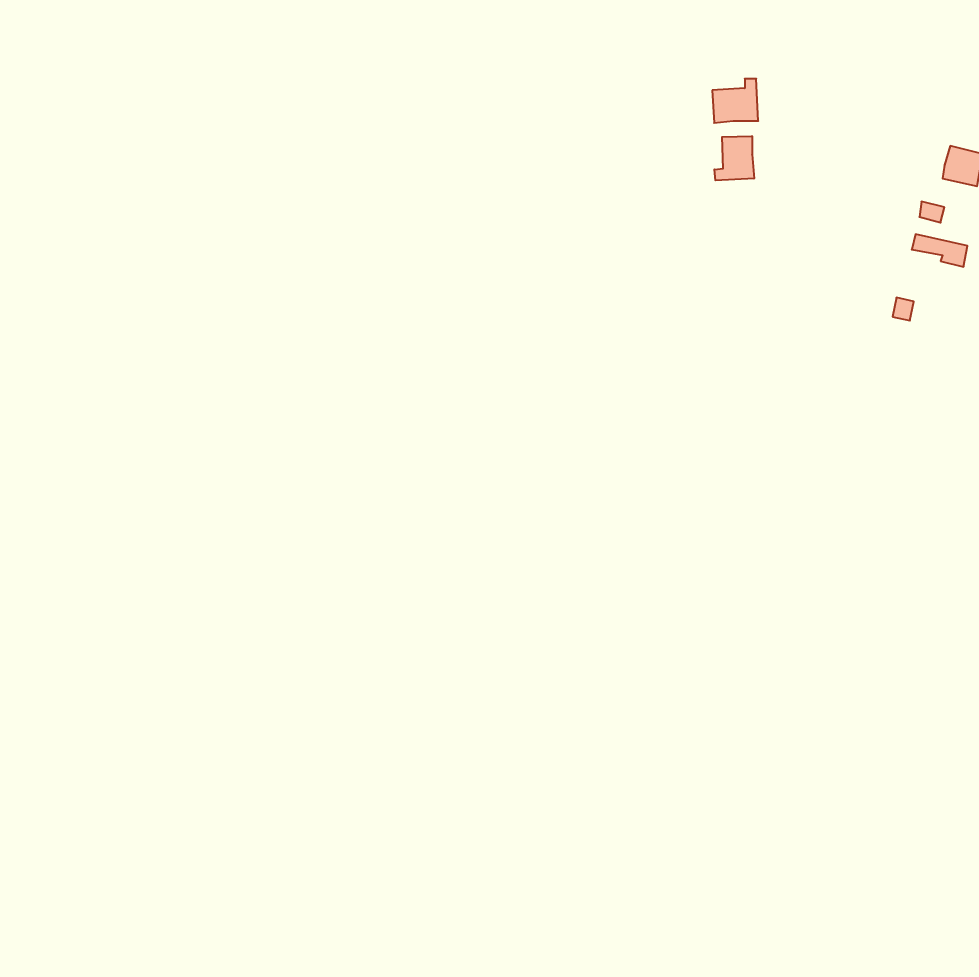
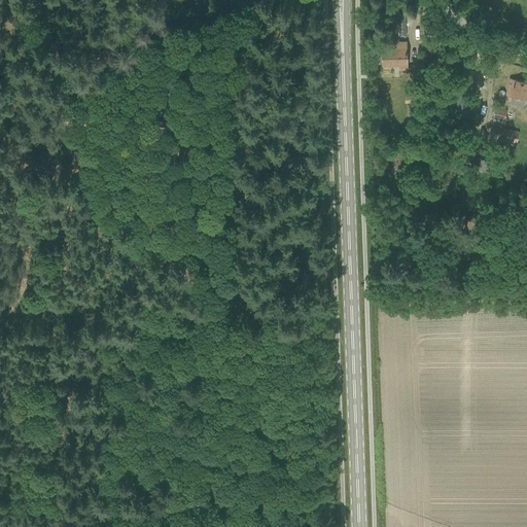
building: [714,136,754,180] -> none

